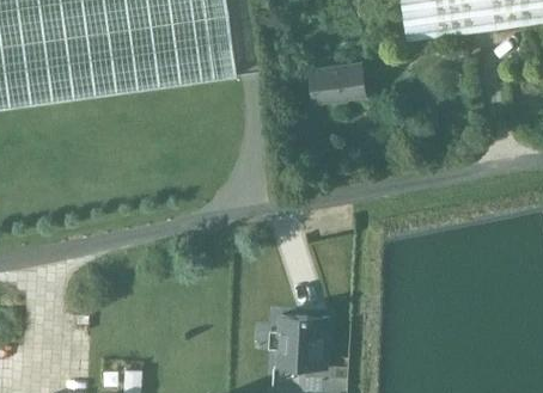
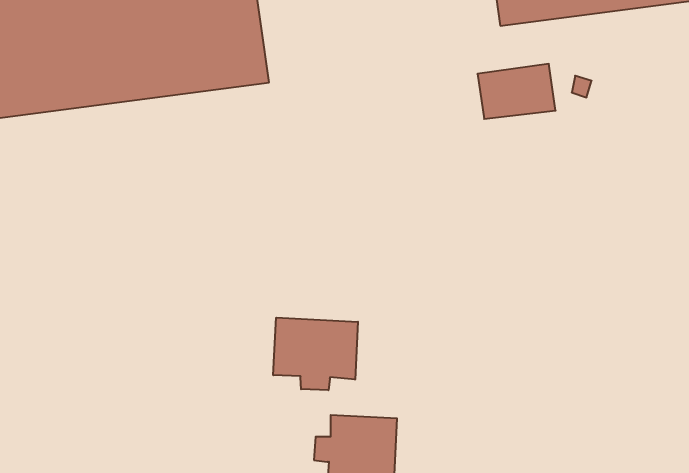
building: [310,62,366,102] -> [477,64,556,119]
building: none -> [273,318,358,390]

